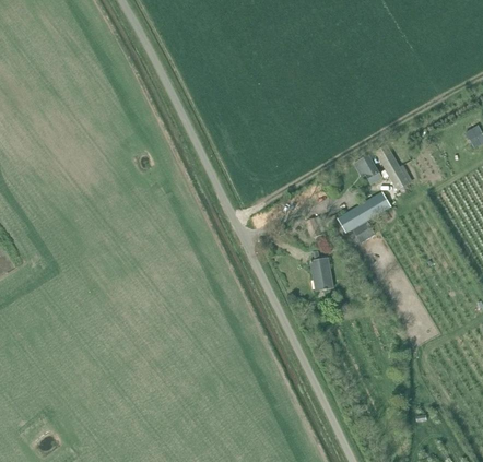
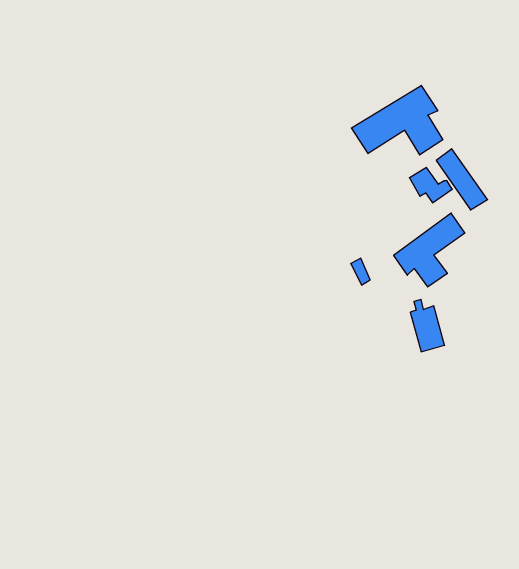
building: none -> [351,85,443,155]
building: [310,251,333,289] -> [410,299,445,352]

